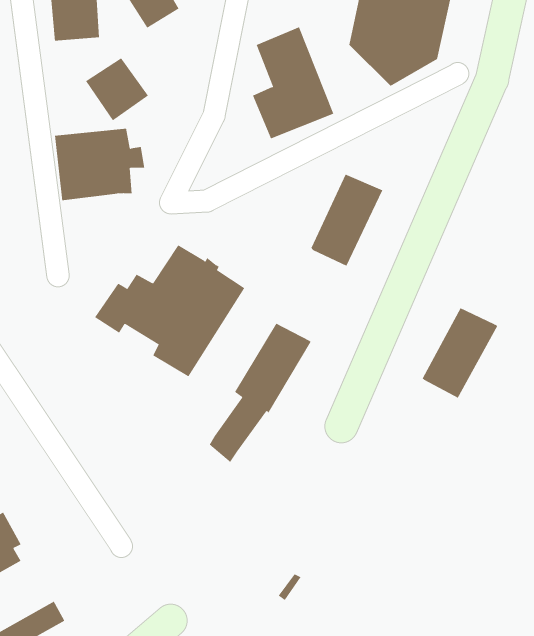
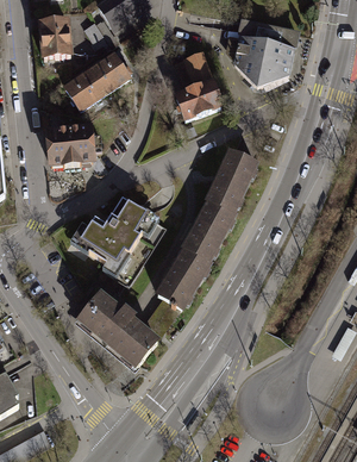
building: none -> [86,56,132,99]
building: [422,308,498,398] -> [186,200,236,260]
building: none -> [80,293,158,366]

